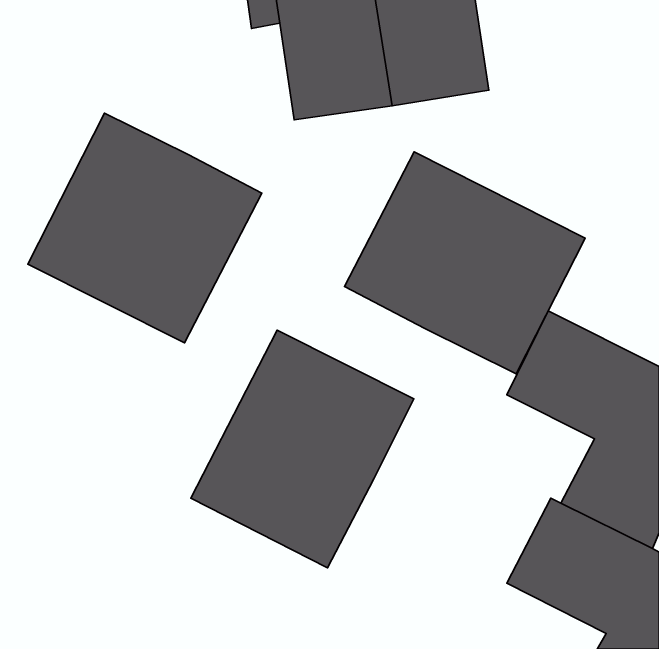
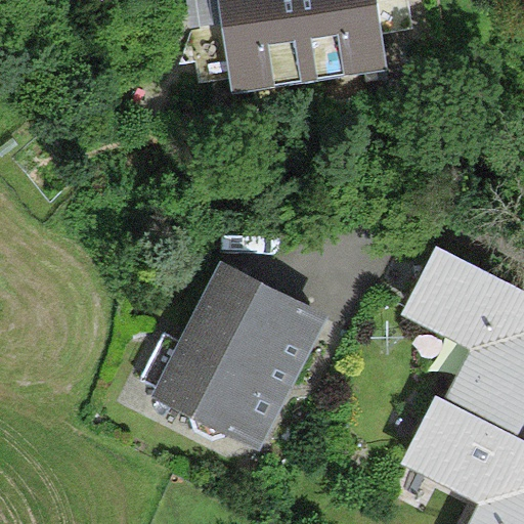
building: [28,113,262,343] -> none
building: [344,152,585,374] -> none

